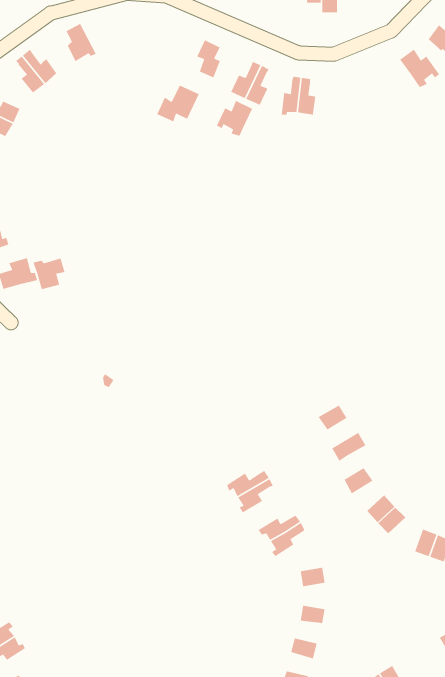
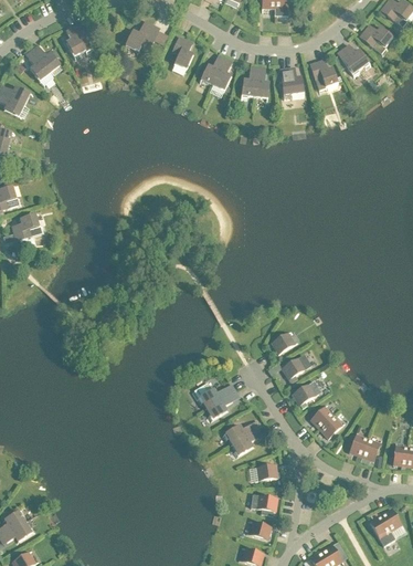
building: none -> [309,60,338,92]
building: none -> [279,67,303,98]
building: [156,84,200,123] -> [125,20,160,51]
building: [216,100,253,137] -> none
building: [32,257,66,290] -> none

